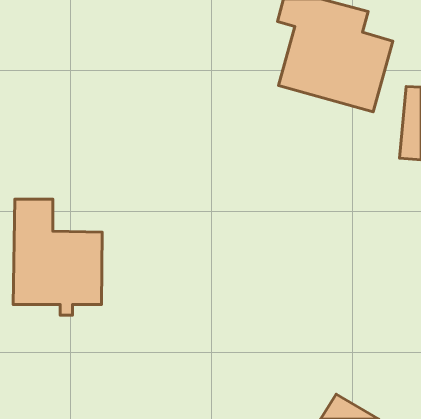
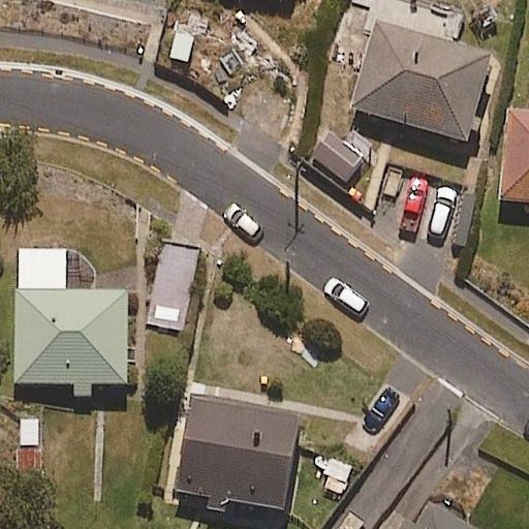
building: none -> [176,396,301,508]

